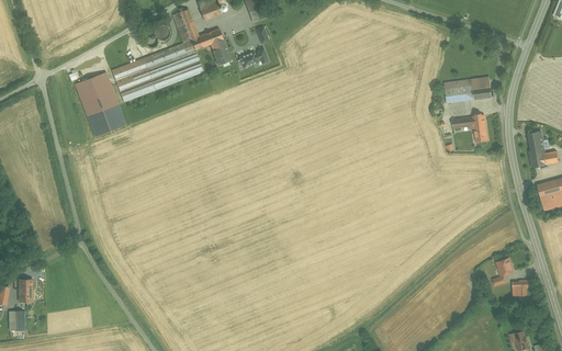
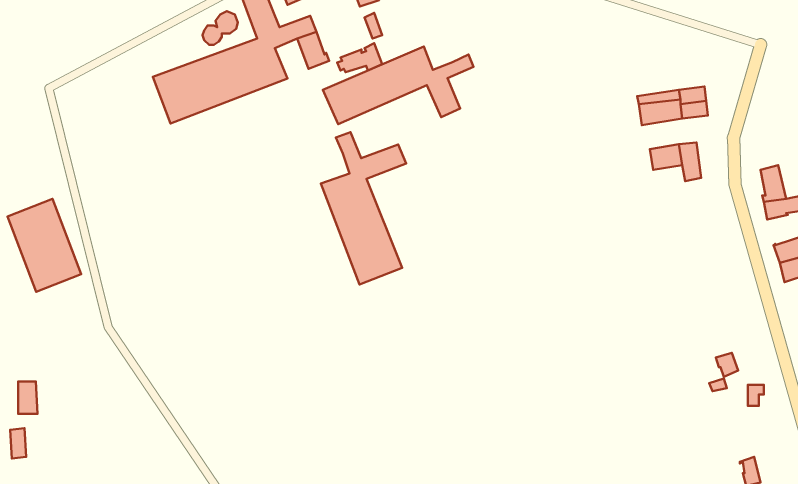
building: none -> [323,47,474,124]
building: [75,72,125,136] -> [7,199,81,292]
building: none -> [321,132,406,284]

